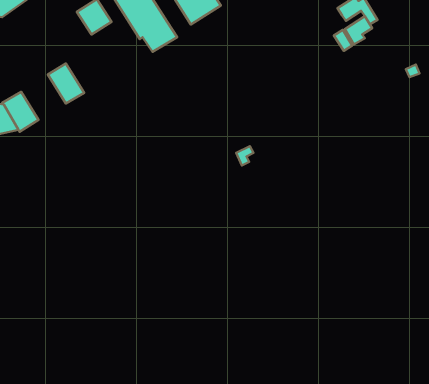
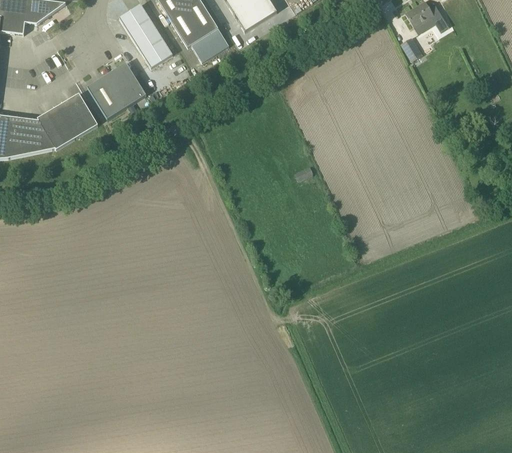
building: none -> [134,28,172,67]
building: none -> [106,62,145,106]
building: none -> [57,92,97,136]

